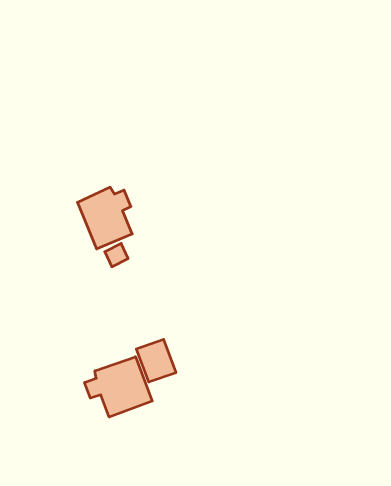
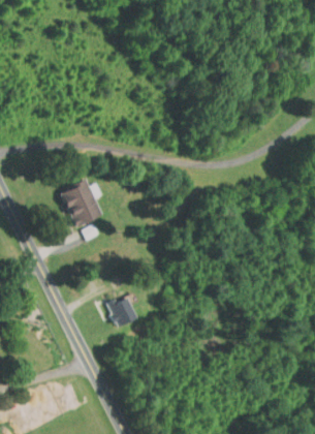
building: [85,357,152,417] -> none

